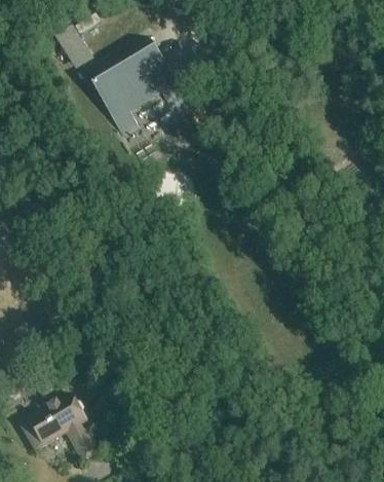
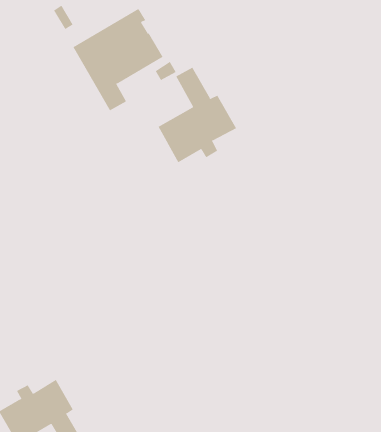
building: none -> [158,67,237,163]

